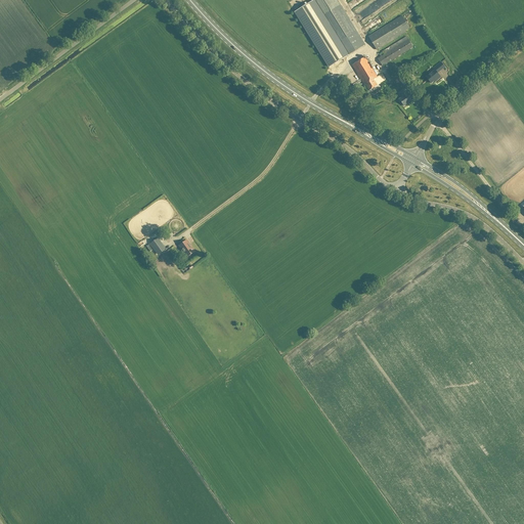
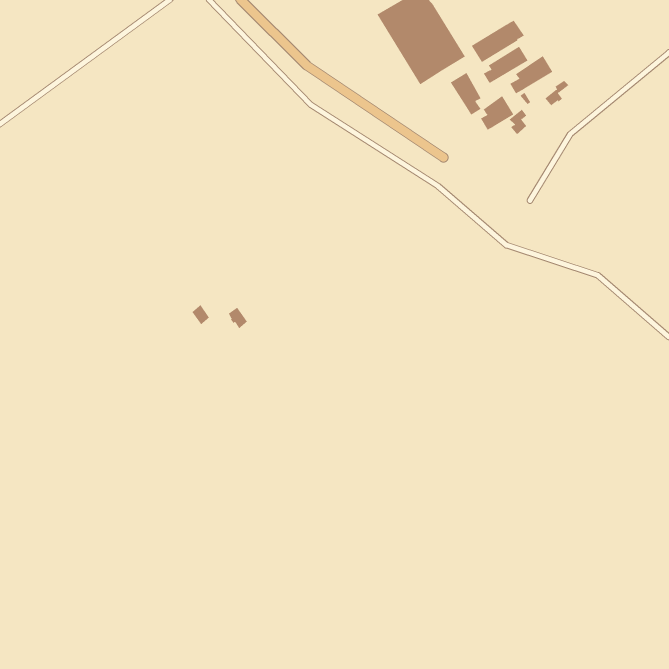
building: none -> [509,55,553,94]
building: none -> [480,95,514,131]

